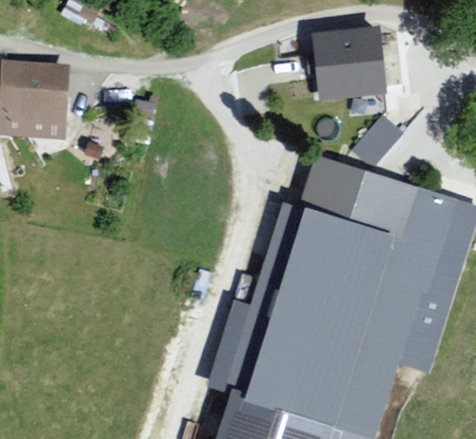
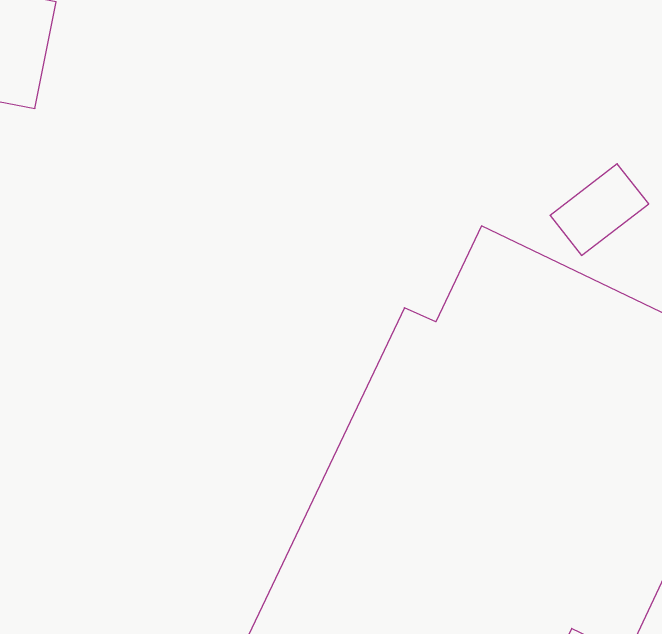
building: [312,32,385,102] -> none

